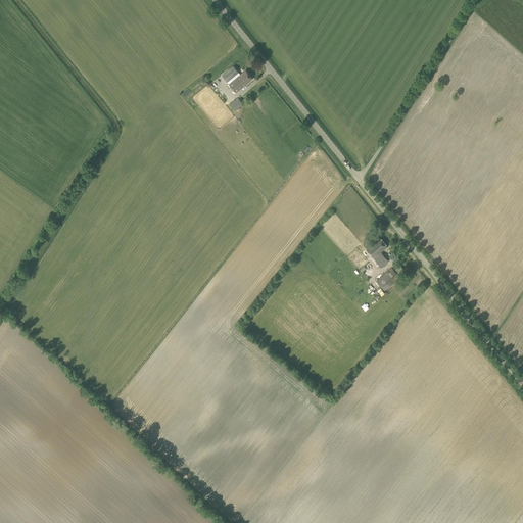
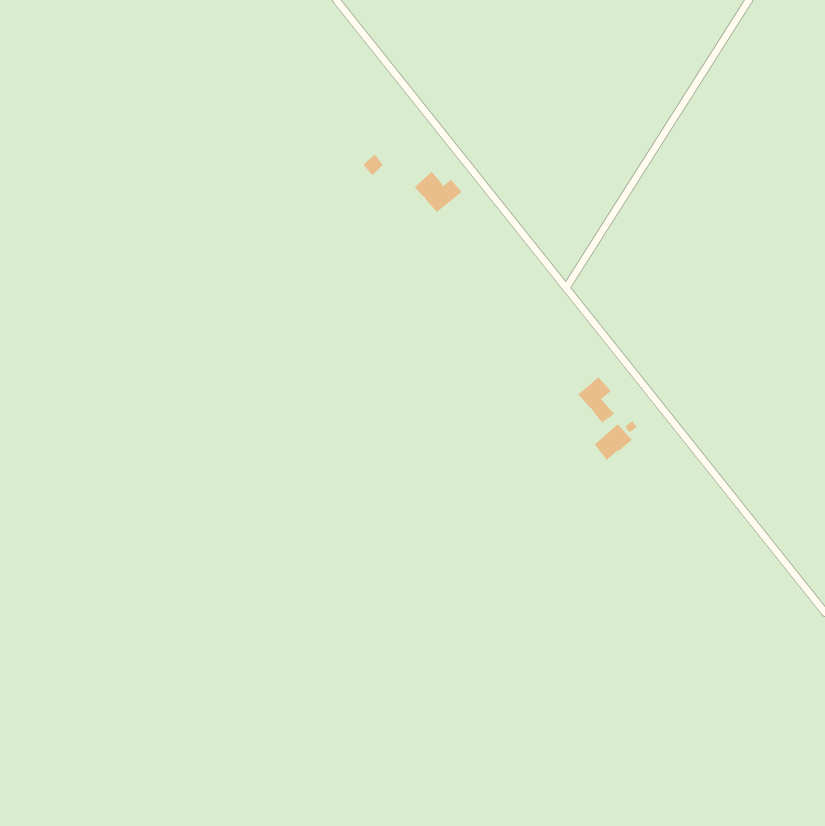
building: [221,65,251,92] -> [414,171,462,213]

